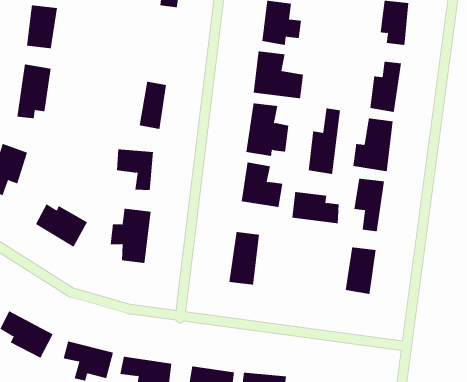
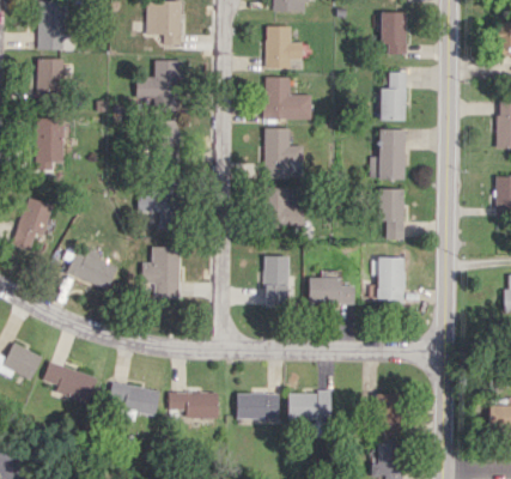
building: none -> [136,60,181,110]
building: [308,108,341,175] -> none
building: [291,191,339,224] -> [309,278,355,304]

